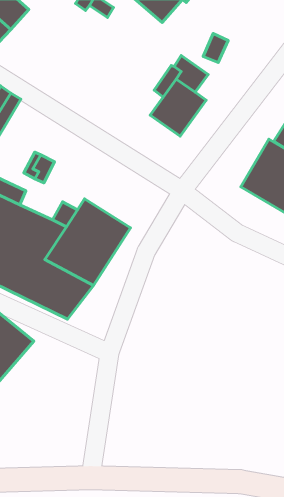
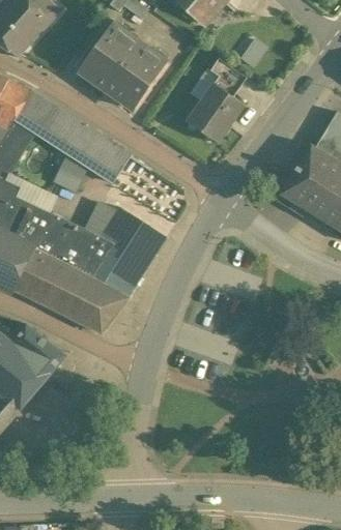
building: none -> [79,24,165,108]
building: none -> [34,104,130,182]

